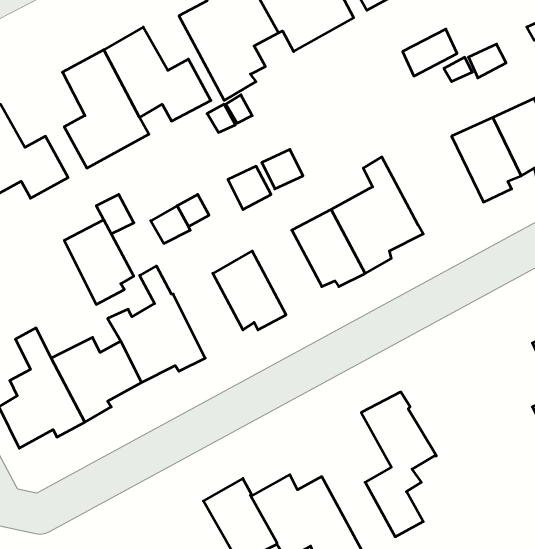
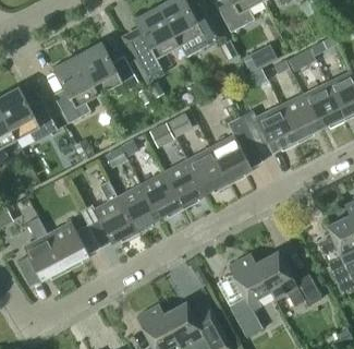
building: none -> [239,105,297,156]
building: [64,220,134,304] -> [118,184,158,233]
building: none -> [163,159,204,208]
building: none -> [254,250,321,305]

